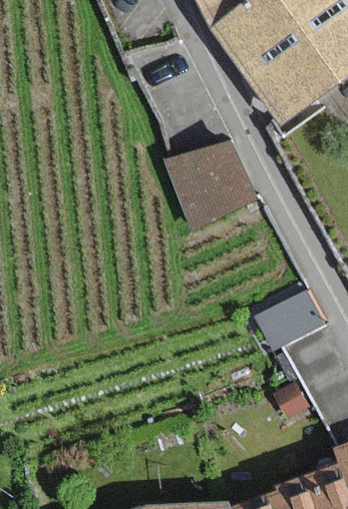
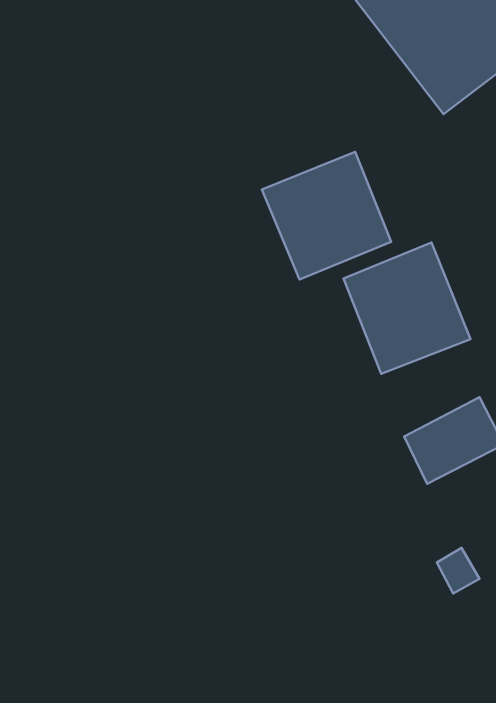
building: none -> [343,243,470,374]

